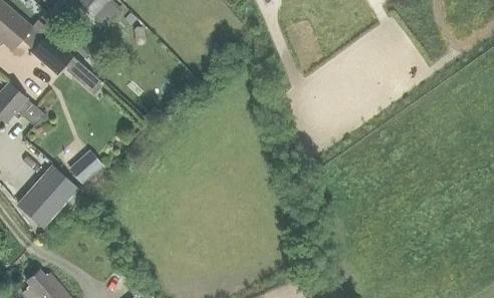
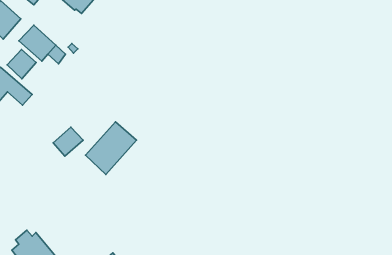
building: none -> [7,50,36,79]
building: [17,167,75,227] -> [85,122,136,175]

